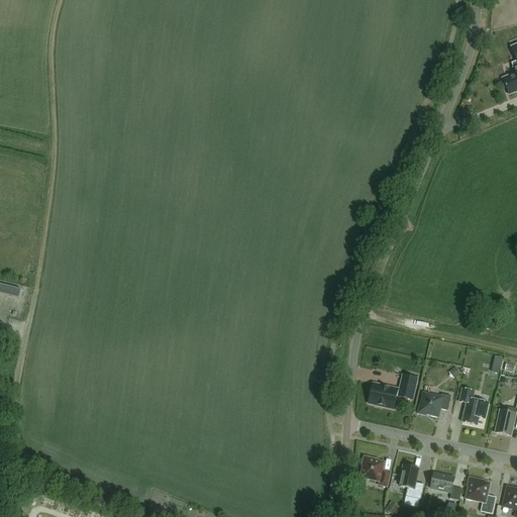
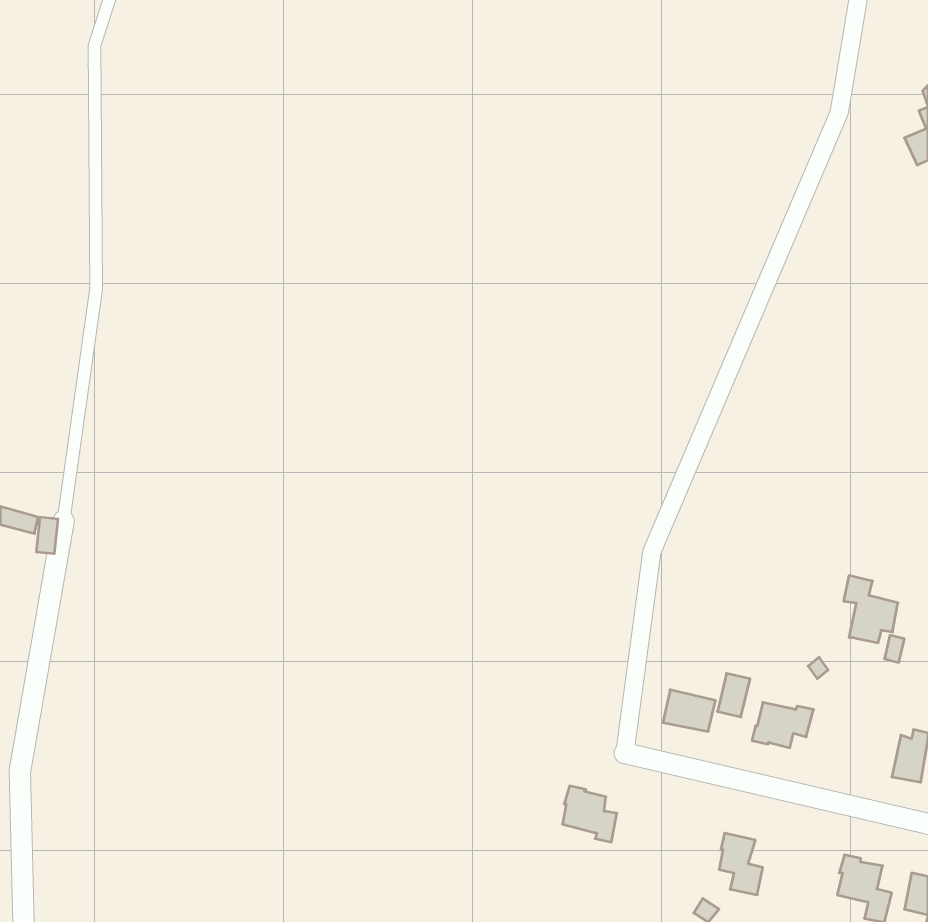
building: [458,387,489,424] -> [844,576,898,643]
building: [360,454,391,486] -> [562,786,617,842]
building: [430,473,461,500] -> none

